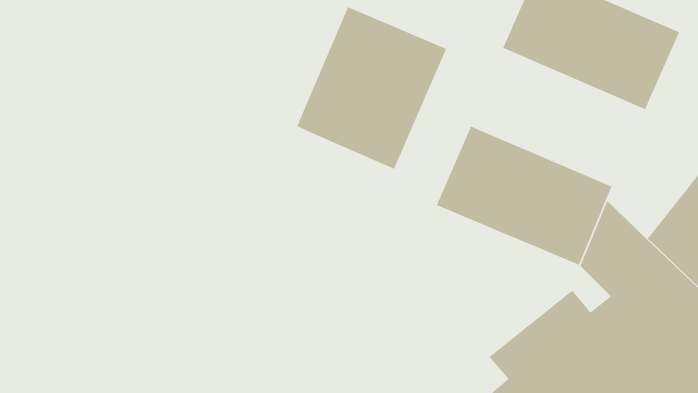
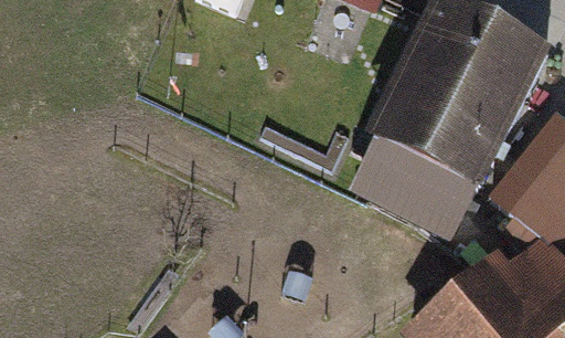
building: [296,6,447,170] -> none
building: none -> [382,51,522,161]

